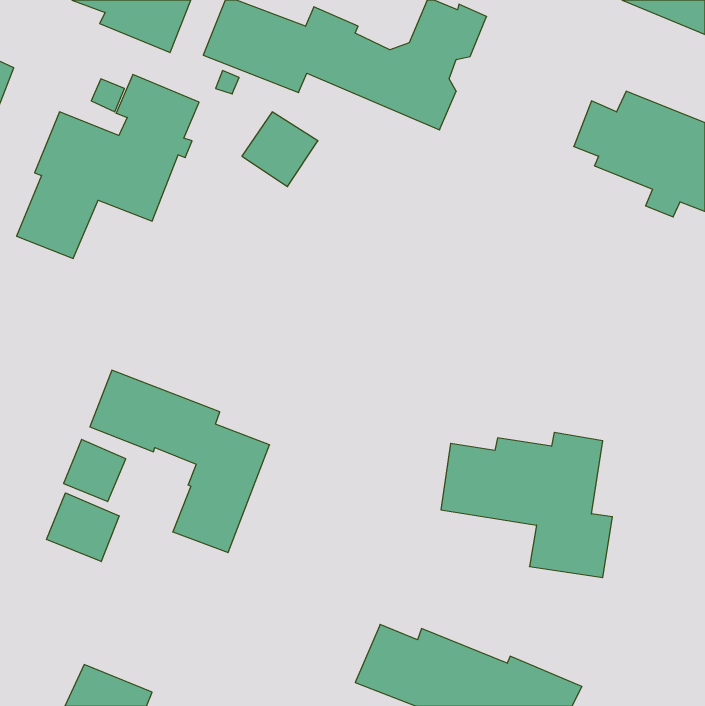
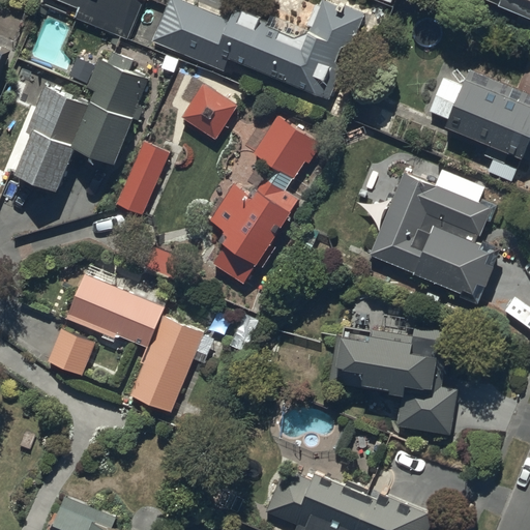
building: none -> [210,116,321,285]
building: none -> [117,140,170,213]
building: none -> [369,173,500,304]
building: [47,493,119,562] -> none

